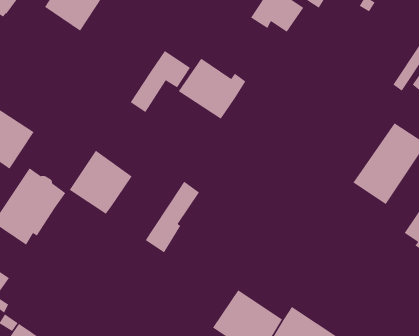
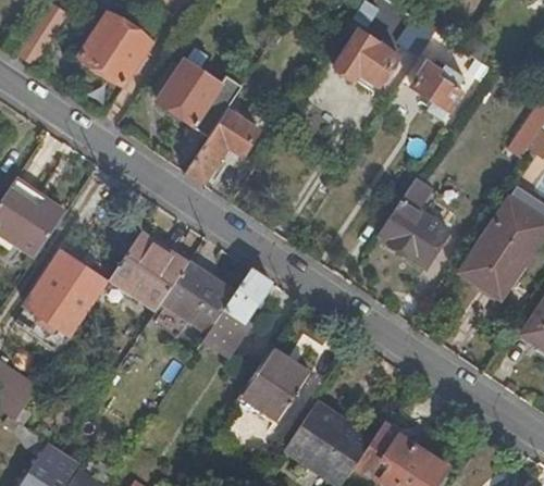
building: none -> [409,59,463,117]
building: [178,58,246,120] -> [154,59,238,135]
building: none -> [376,200,448,266]
building: none -> [161,263,234,333]
building: none -> [239,348,311,422]

